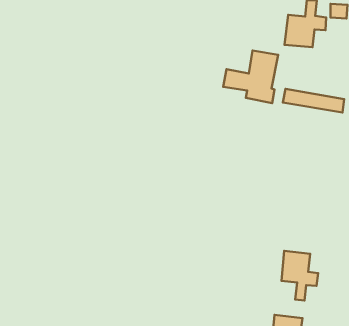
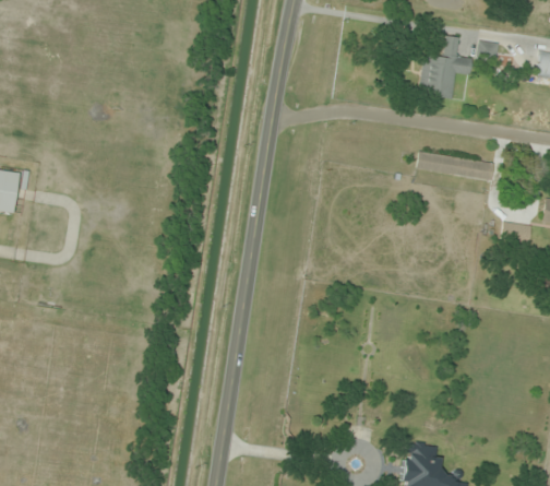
building: [223,51,278,103] -> none
building: [281,251,318,301] -> none

